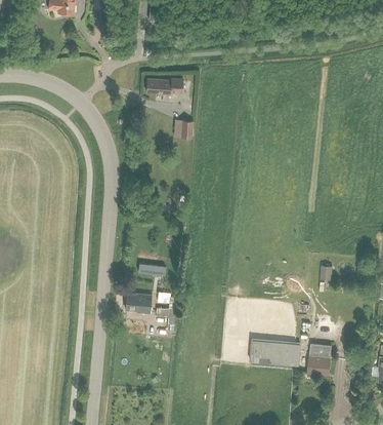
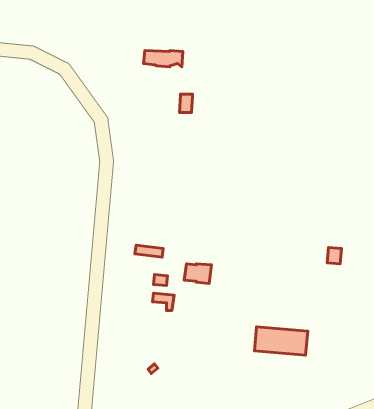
building: [125,295,151,313] -> [184,264,211,283]
building: [308,344,331,376] -> none

